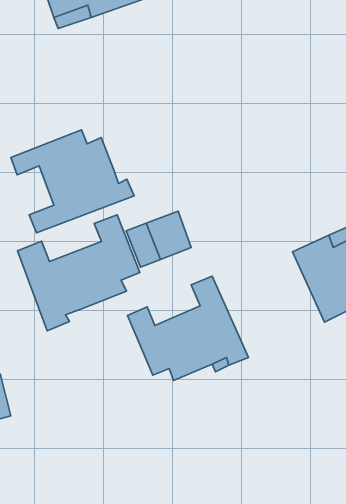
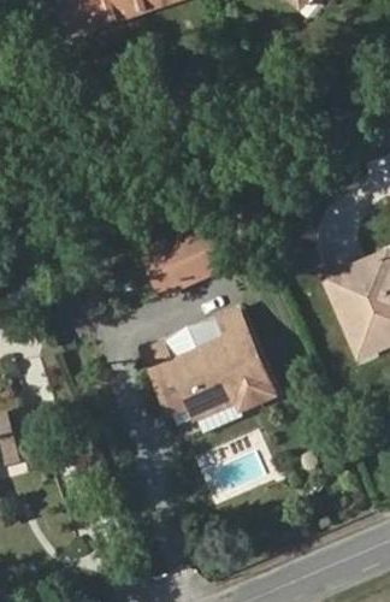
building: [11,130,134,233] -> none
building: [18,215,140,331] -> none

